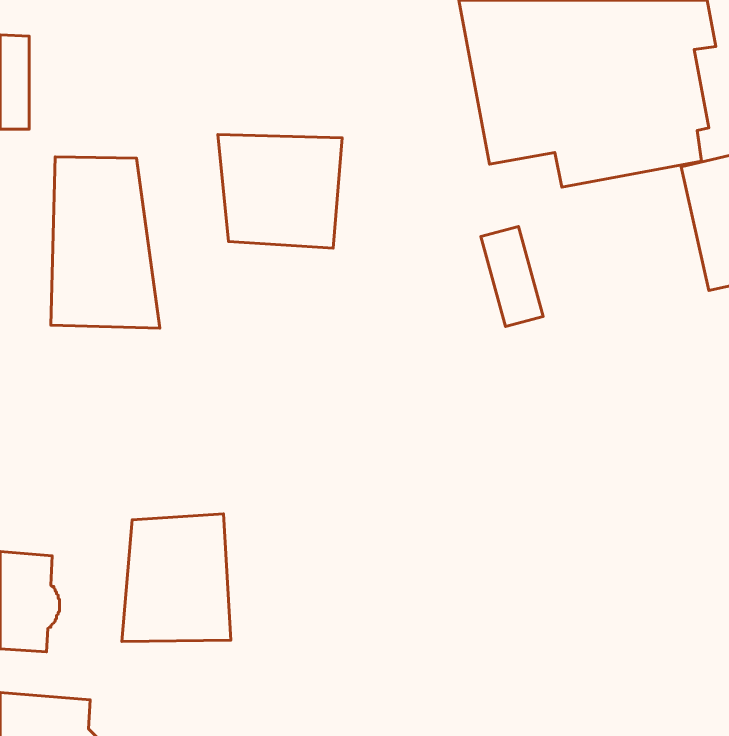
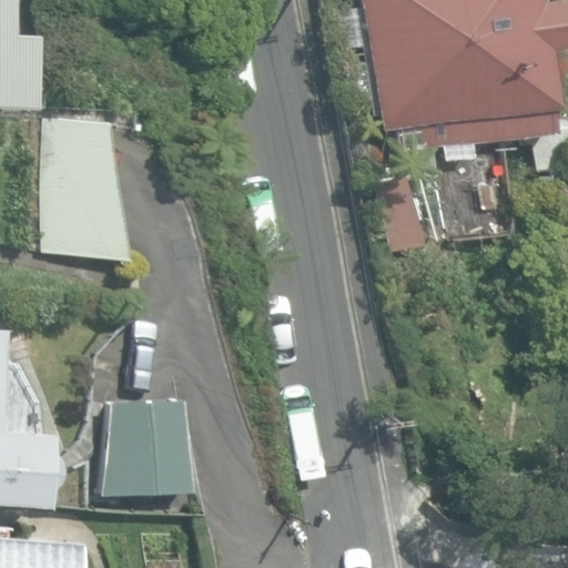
building: [218,135,342,248] -> none

